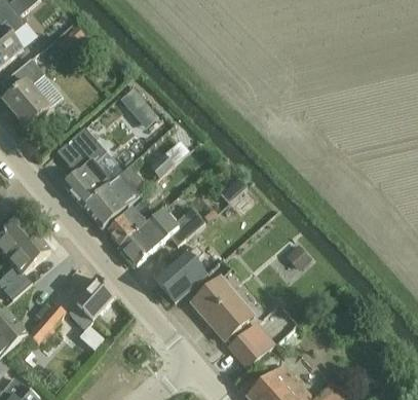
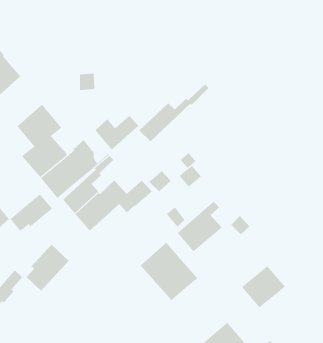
building: none -> [138,84,209,142]
building: none -> [10,194,53,232]
building: [156,245,205,300] -> [177,201,223,252]
building: [228,321,276,367] -> [241,265,286,308]

